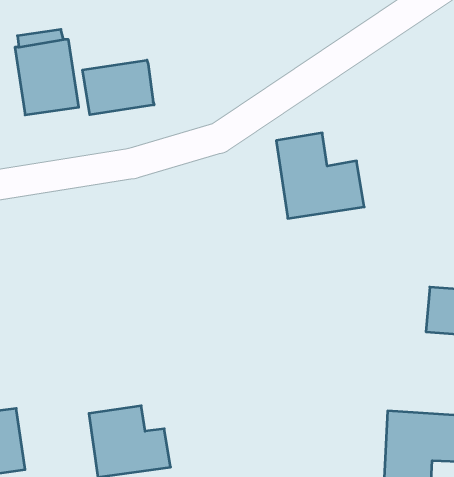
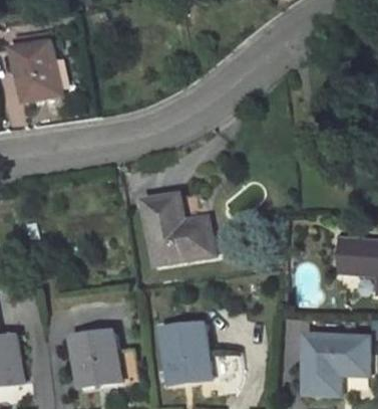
building: [83,60,154,115] -> none
building: [276,133,364,218] -> [143,195,213,262]
building: none -> [160,322,210,382]

